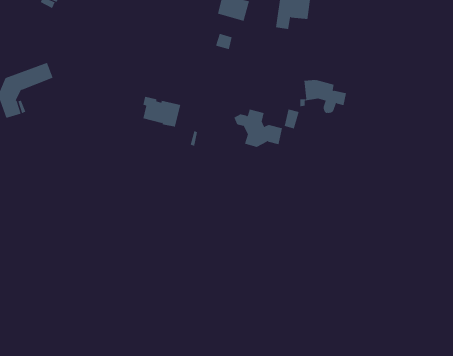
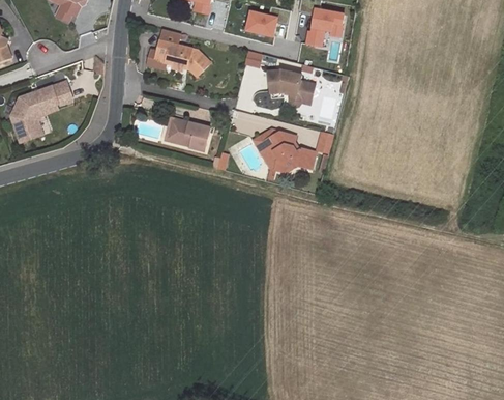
building: none -> [153,28,209,76]
building: [300,80,347,113] -> [262,69,313,106]
building: none -> [254,128,279,168]

